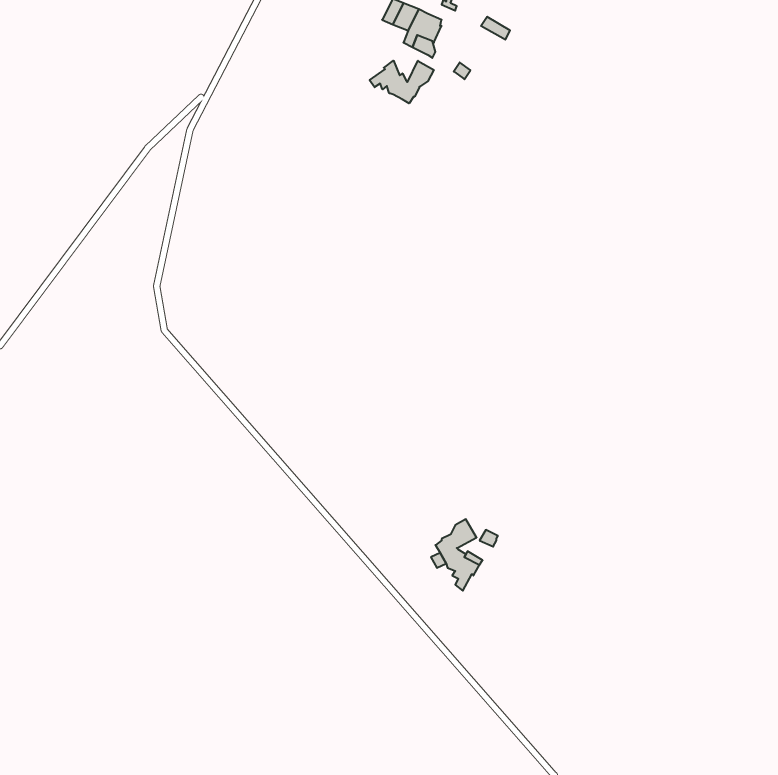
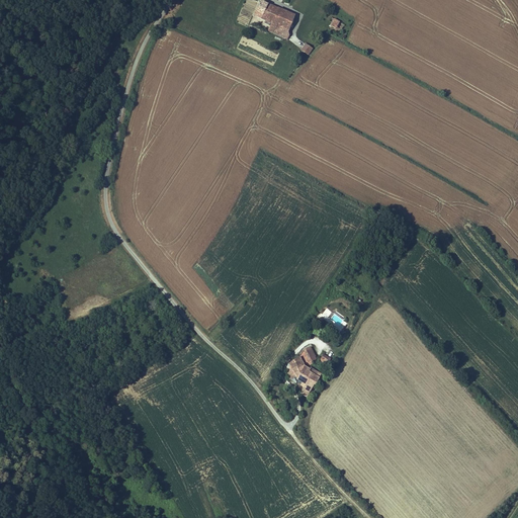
building: [370,61,434,103] -> none

